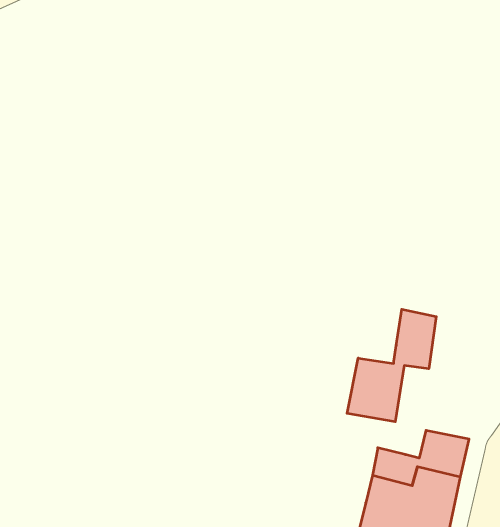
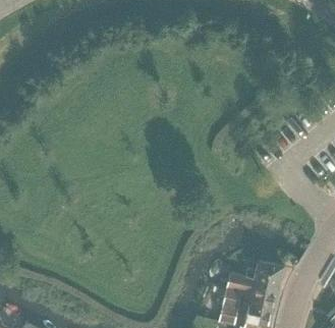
building: [347,309,436,422] -> none

